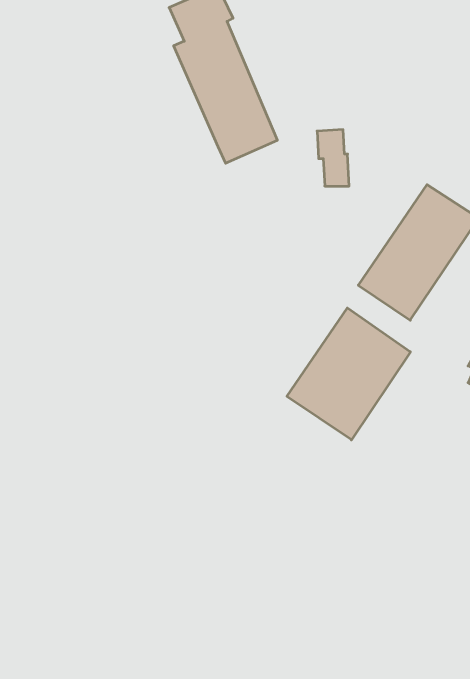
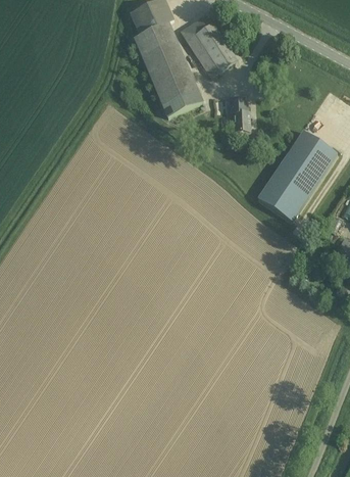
building: none -> [181,12,238,77]
building: [287,308,410,440] -> none

